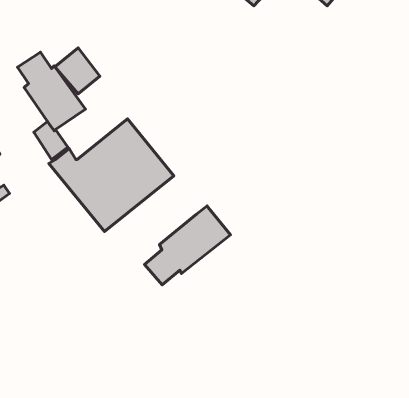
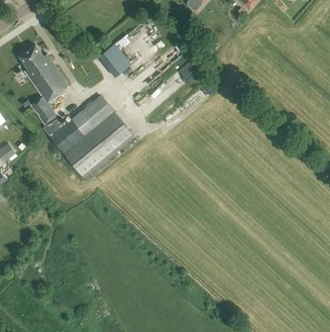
building: [55,48,100,94] -> [98,42,131,77]
building: [144,206,231,285] -> none

